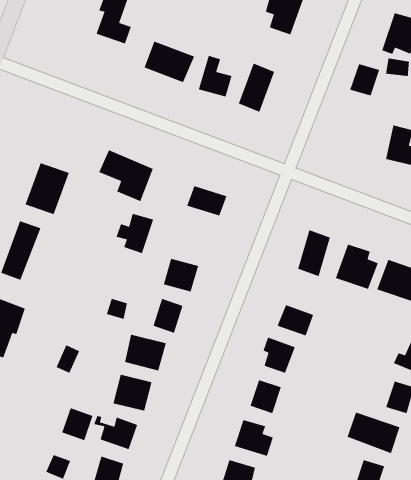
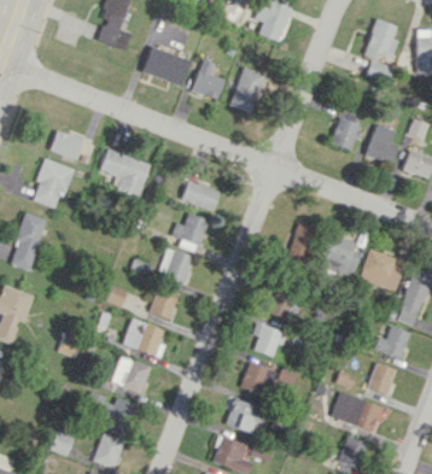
building: [349,63,380,97] -> [331,118,360,150]
building: none -> [49,130,82,159]
building: [115,213,154,254] -> [171,213,208,252]
building: [61,407,94,441] -> none

